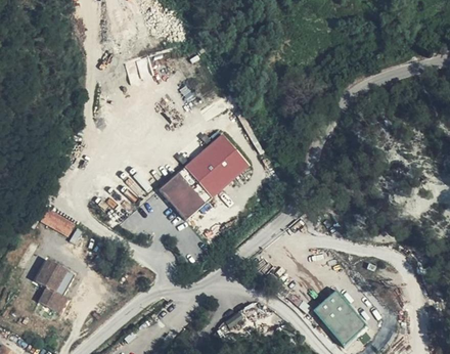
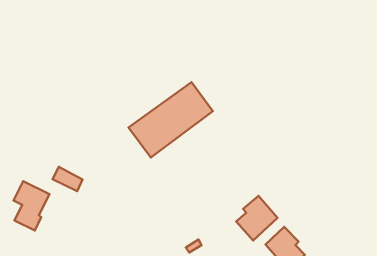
building: [40,210,74,235] -> [52,167,83,191]
building: none -> [236,196,278,240]

